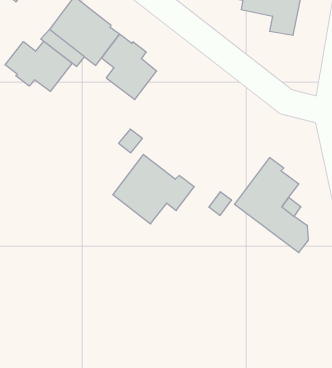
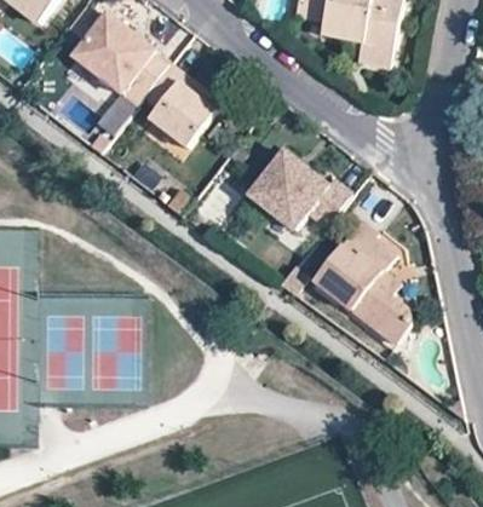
building: [5,41,72,91] -> none
building: [113,155,194,224] -> [247,149,351,237]

